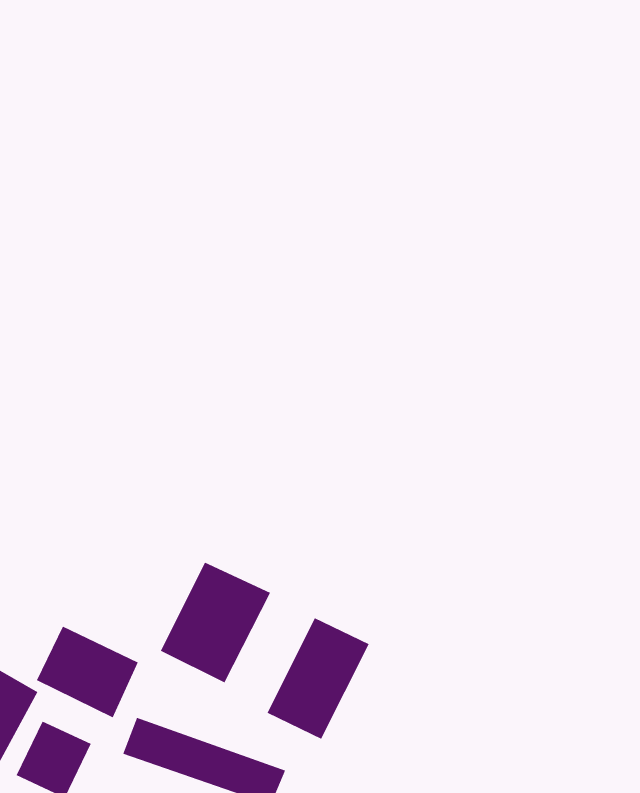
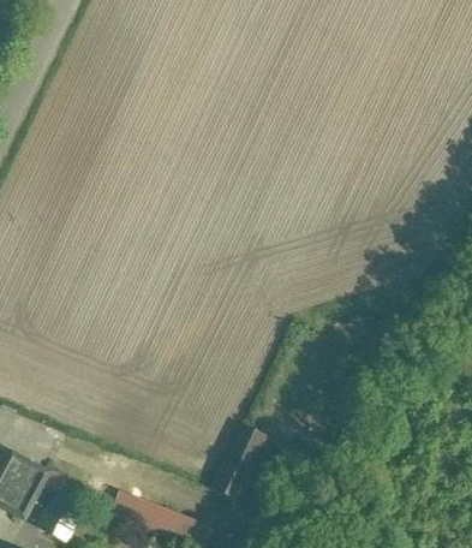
building: [160,561,271,684] -> none
building: [36,626,139,719] -> none

